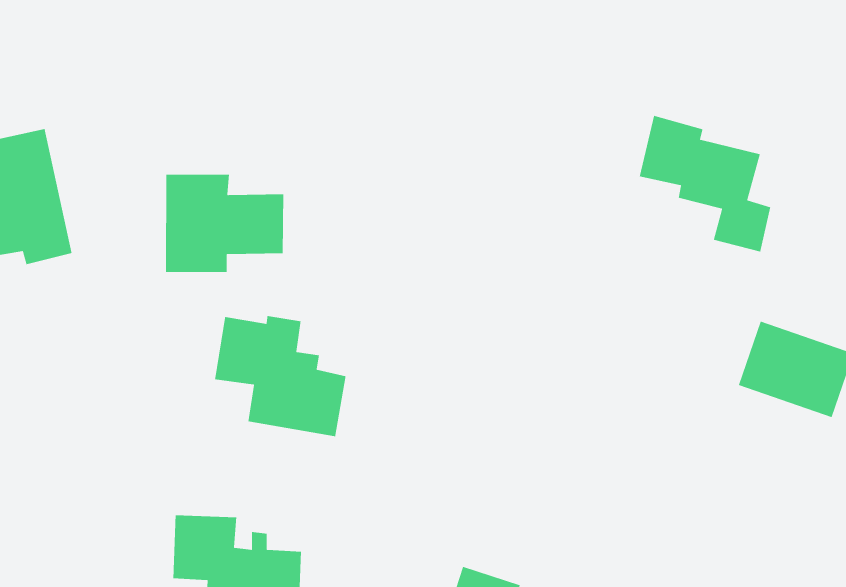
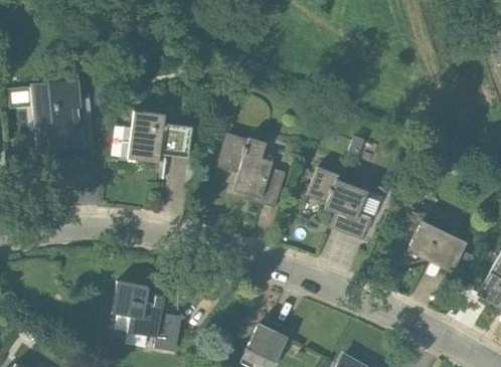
building: [639,115,771,252] -> [307,165,371,240]
building: [214,315,346,437] -> [219,135,286,202]

